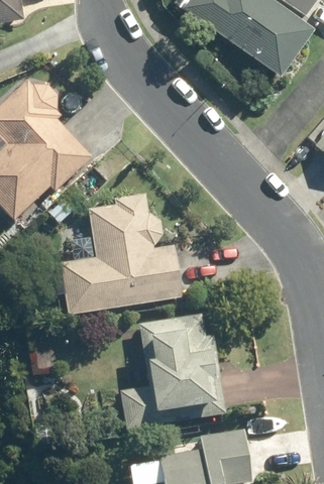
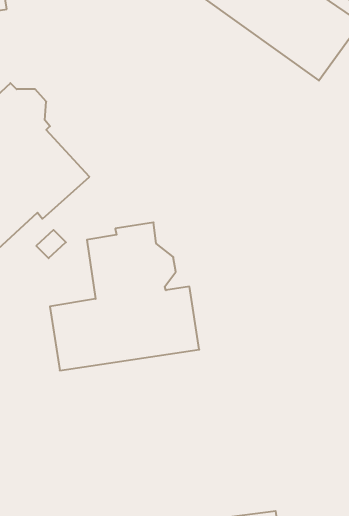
building: [120,316,225,429] -> none

